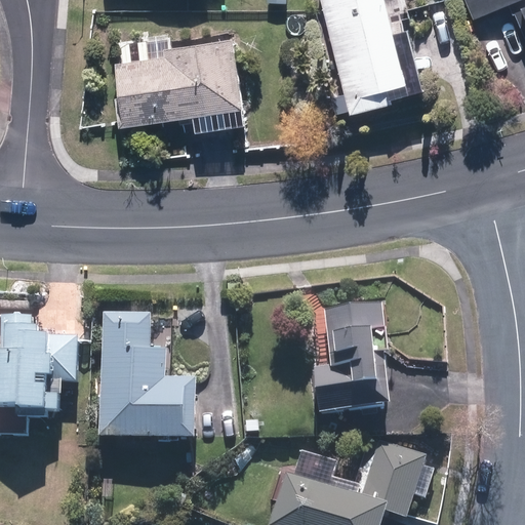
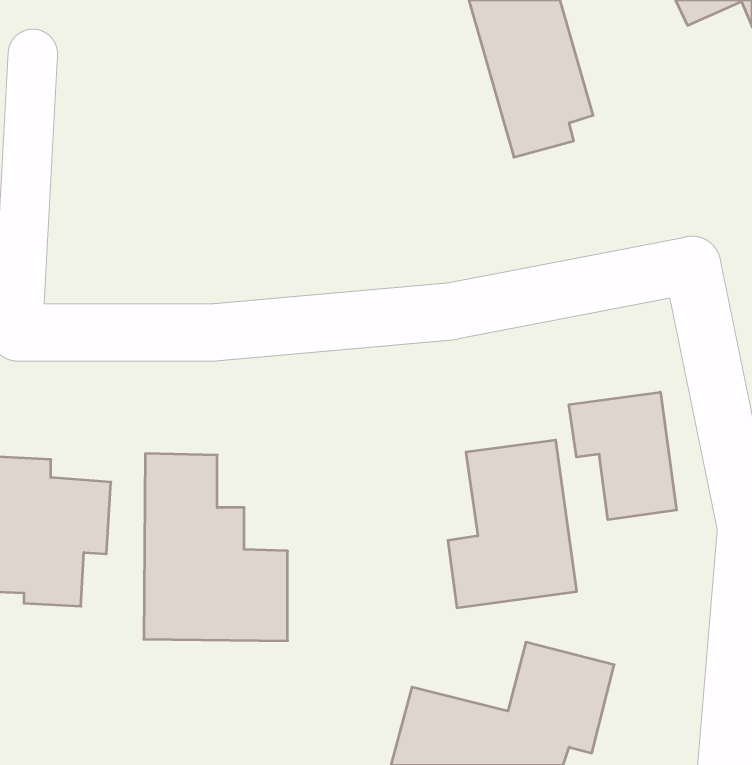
building: [115,36,245,124] -> none
building: none -> [569,392,677,520]

